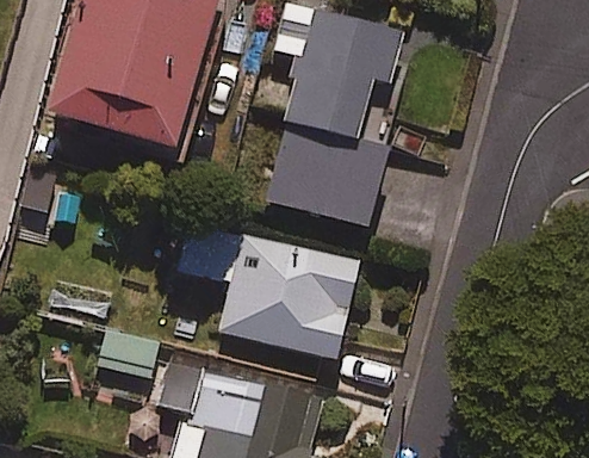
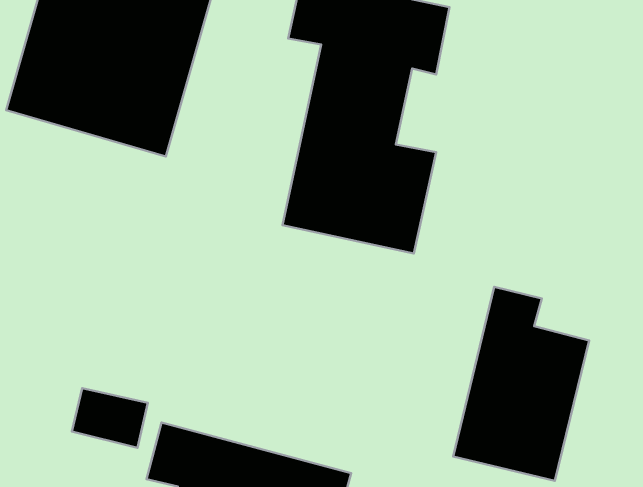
building: [180,224,358,360] -> none
building: none -> [453,287,589,481]

